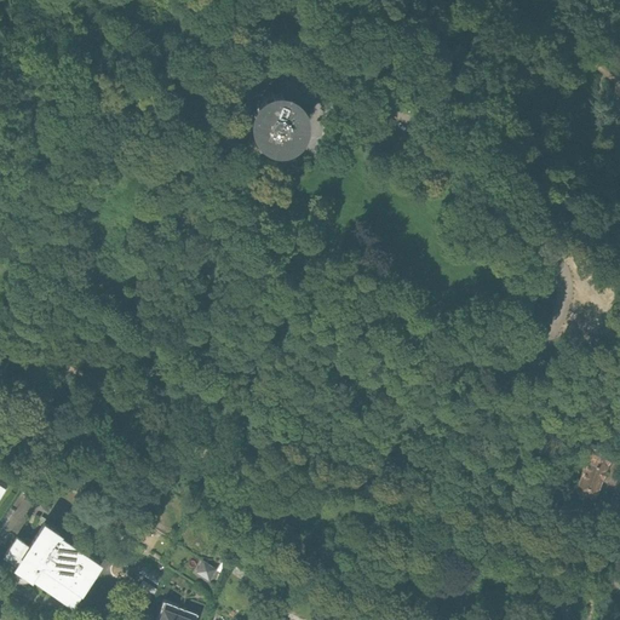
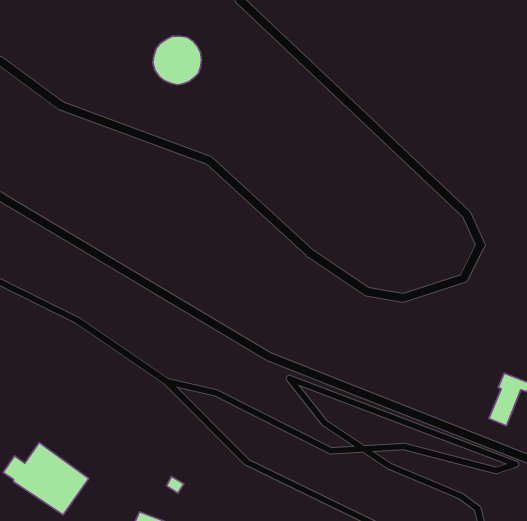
building: [248,96,305,153] -> [153,36,201,85]

